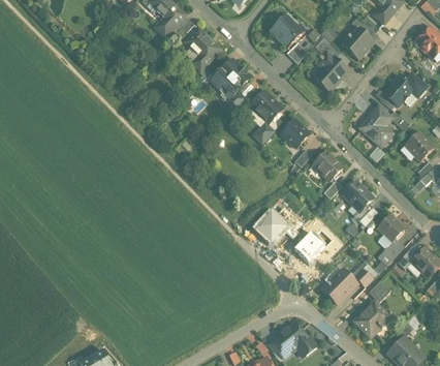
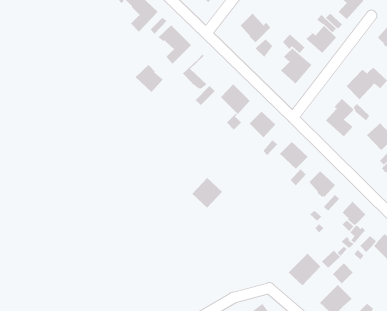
building: [219,61,250,91] -> [135,64,164,93]
building: [253,210,286,243] -> [191,177,223,209]
building: [293,231,324,263] -> none

